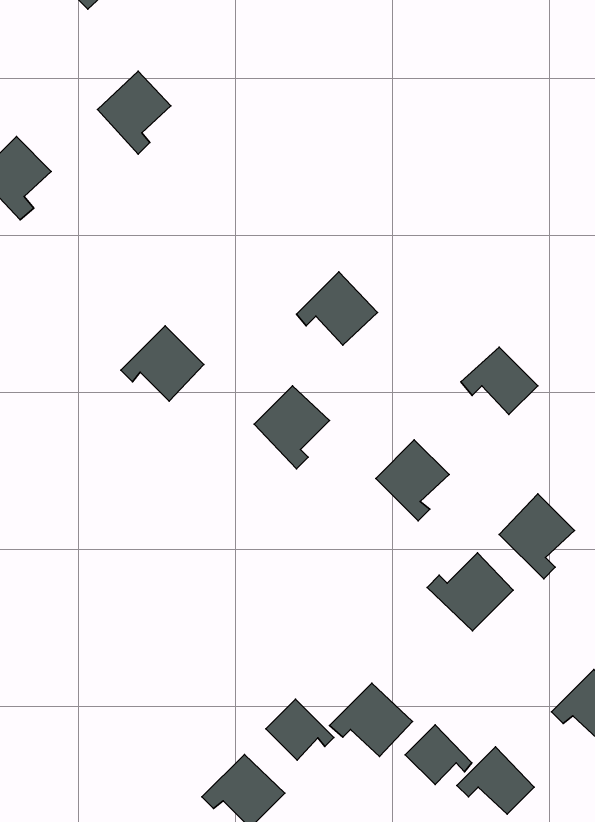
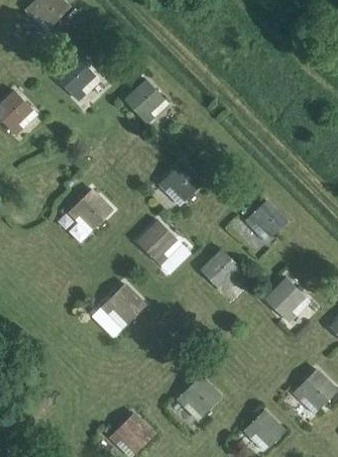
building: none -> [124,80,163,123]
building: none -> [100,285,144,324]
building: [427,553,513,631] -> none
building: [266,699,334,760] -> none
building: [405,725,472,784] -> none

